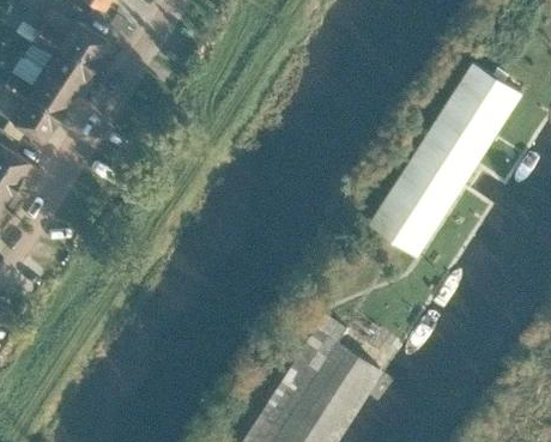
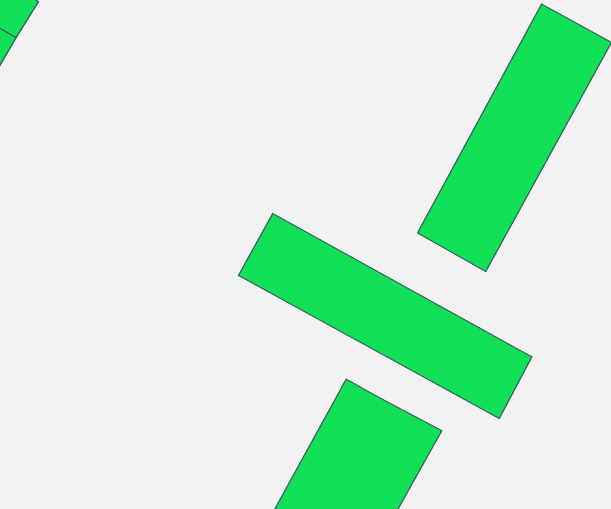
building: none -> [239,213,532,418]

